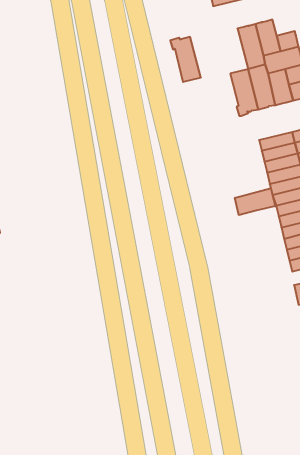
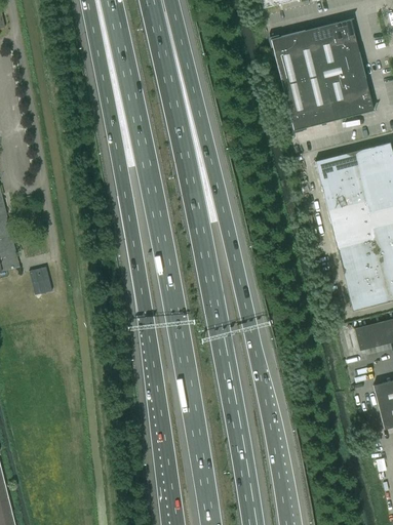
building: none -> [329,18,355,42]
building: [170,37,201,82] -> [267,34,302,85]
building: [235,188,275,215] -> none
building: none -> [29,267,51,295]

